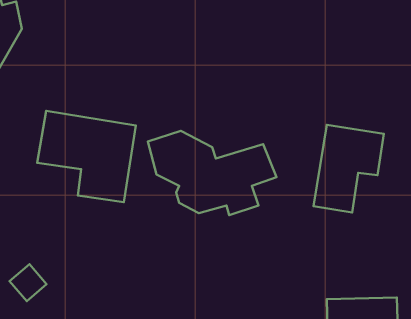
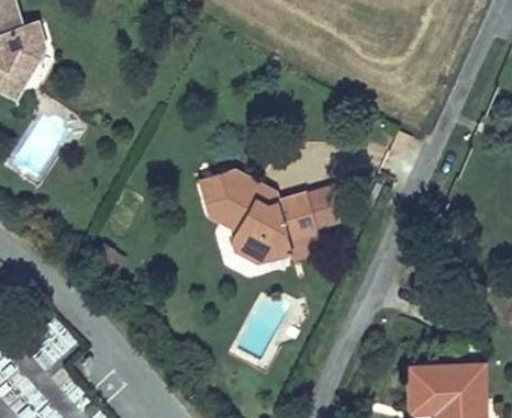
building: [37,111,136,202] -> none
building: [314,125,384,213] -> none

